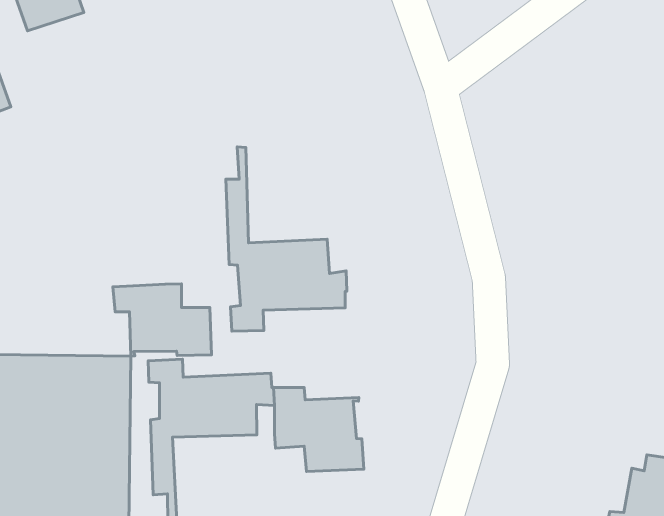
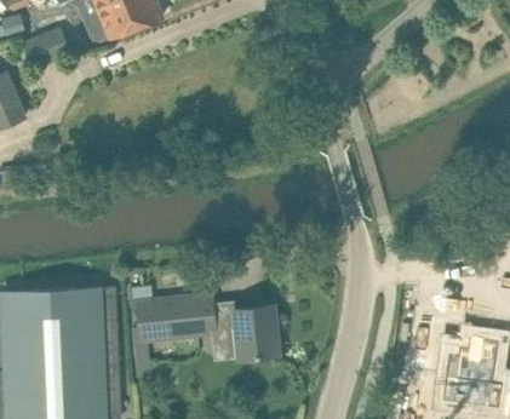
building: [226,147,347,331] -> none
building: [113,284,212,356] -> none

